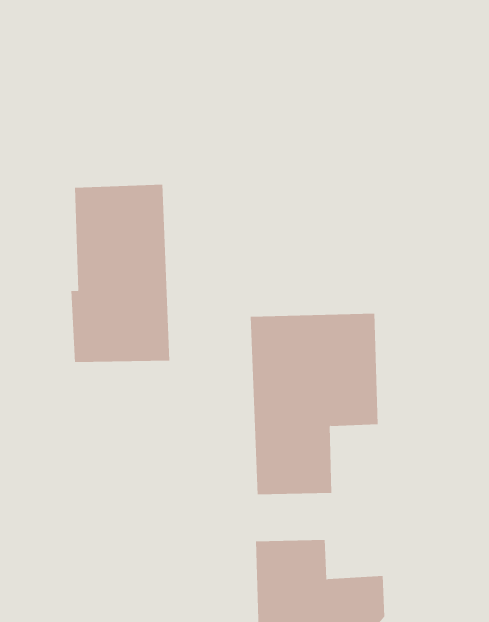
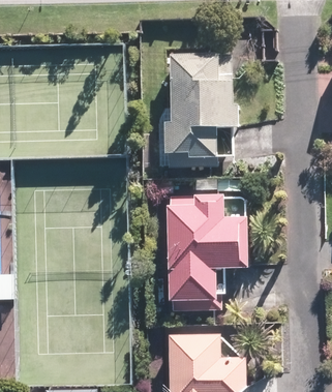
building: [71,184,170,363] -> [162,57,222,164]

